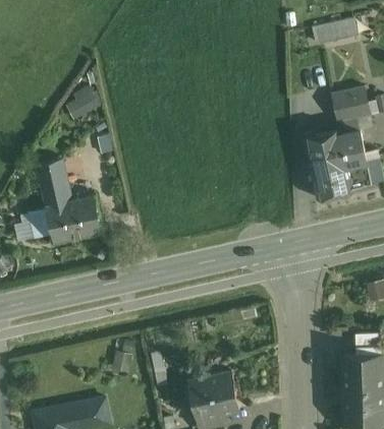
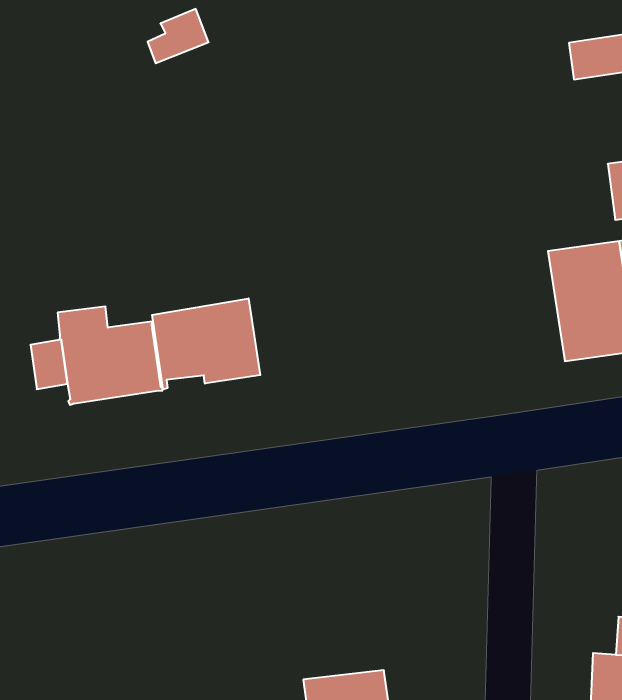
building: [69,83,102,114] -> [148,9,209,63]
building: [37,158,69,193] -> none
building: none -> [152,298,260,390]

